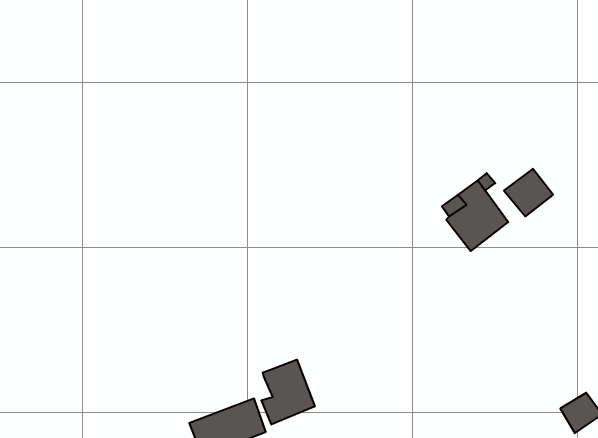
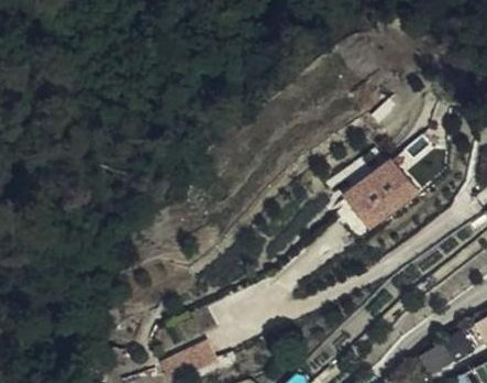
building: [261,360,315,425] -> none

